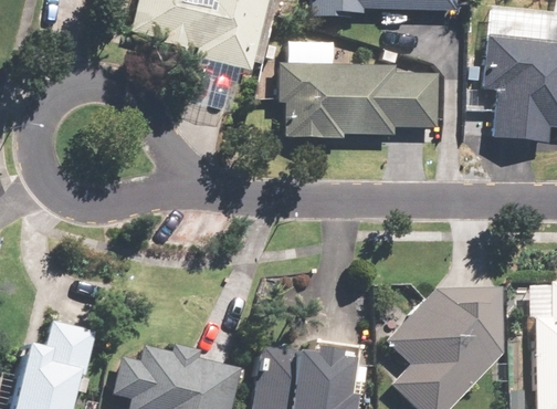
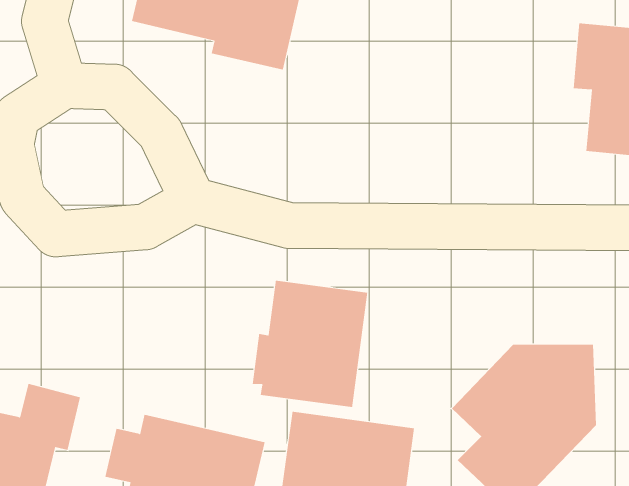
building: [278,63,438,137] -> none
building: none -> [252,280,368,408]

